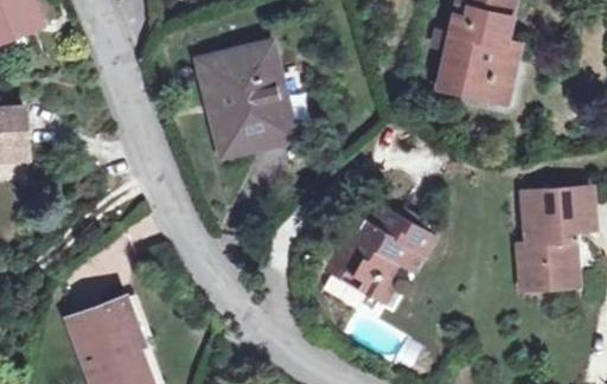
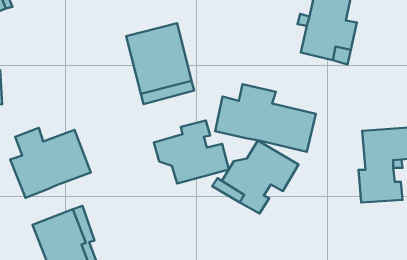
building: none -> [215,84,316,152]
building: none -> [154,120,229,183]
building: none -> [10,128,91,198]

